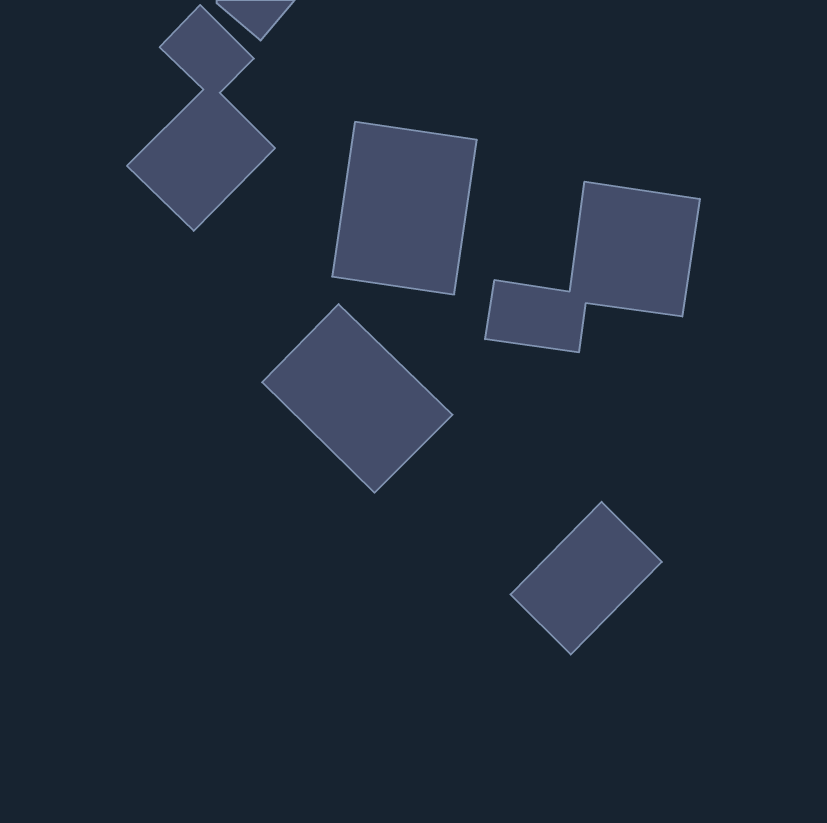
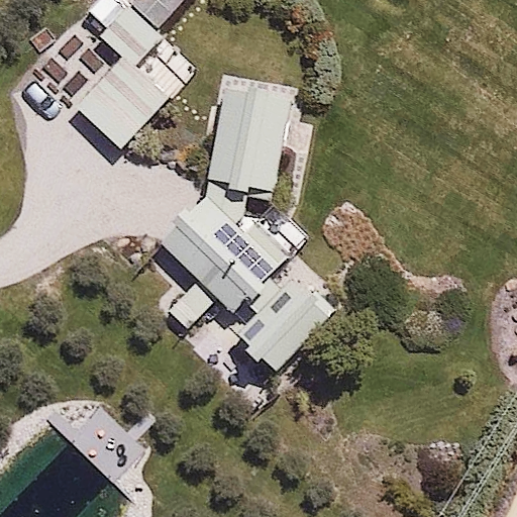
building: [485,182,700,352] -> none
building: [510,502,662,655] -> [238,272,332,367]

